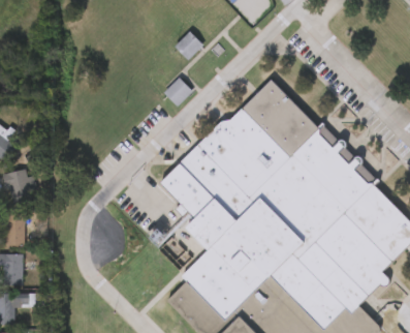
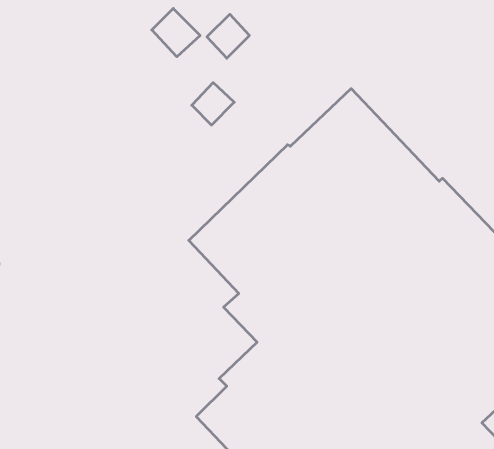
building: none -> [152,8,200,57]

